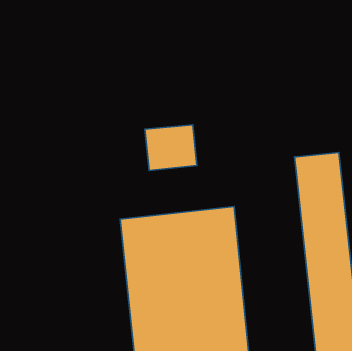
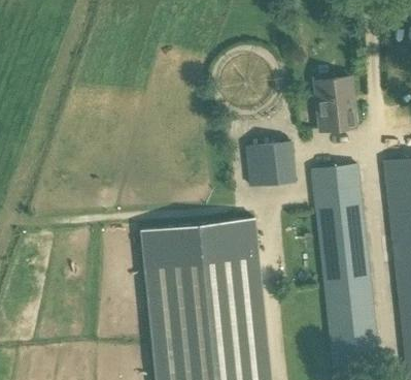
building: none -> [313,76,355,132]
building: [145,125,197,171] -> [244,142,296,188]

